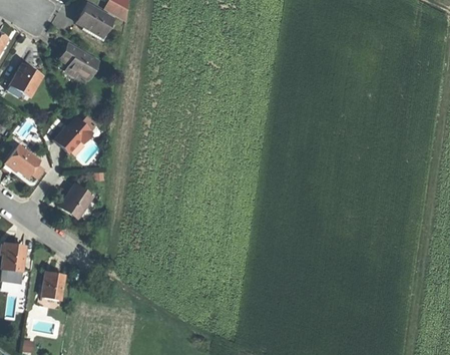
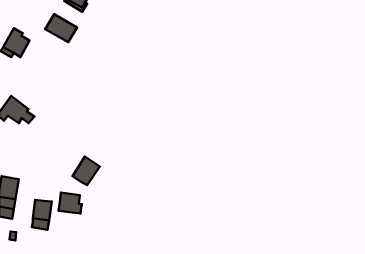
building: [54,119,89,153] -> none
building: [60,185,93,220] -> [72,156,100,185]
building: none -> [58,192,82,214]

